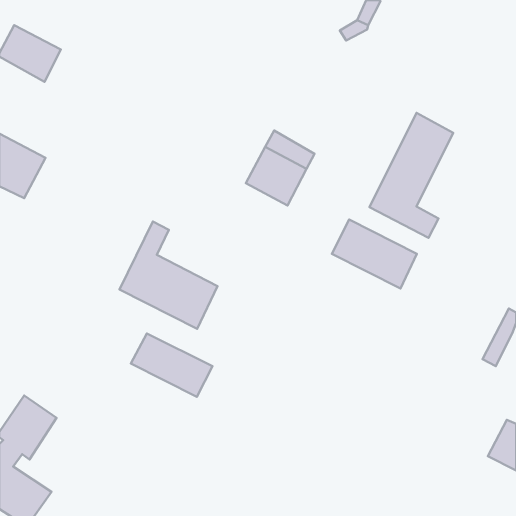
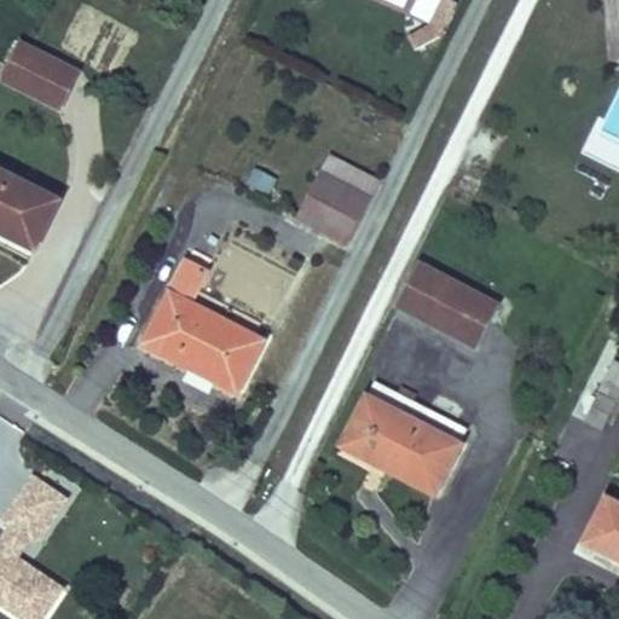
building: [369,113,453,238] -> none
building: none -> [340,384,464,496]
building: [131,333,212,397] -> none

